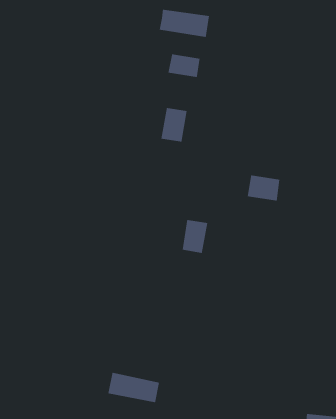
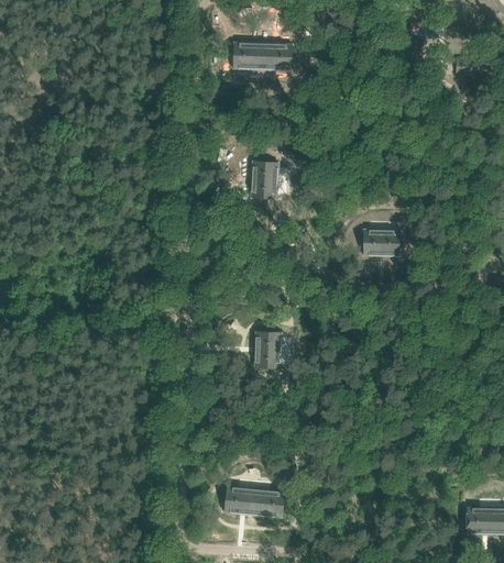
building: [168,54,200,78] -> none
building: [182,219,208,253] -> [255,329,283,367]

